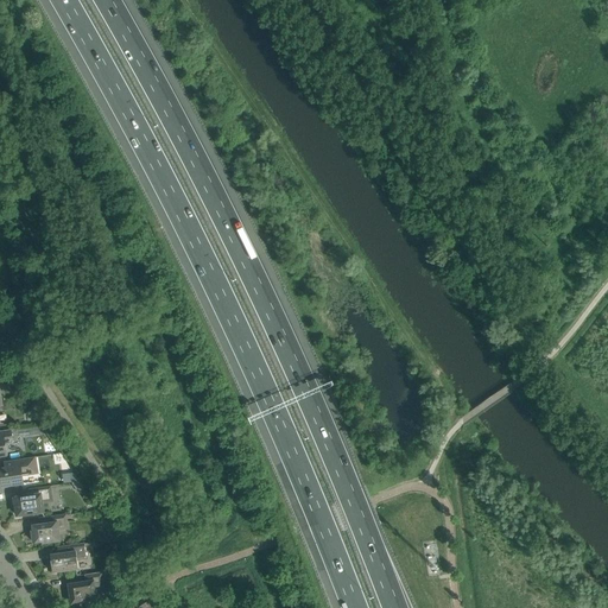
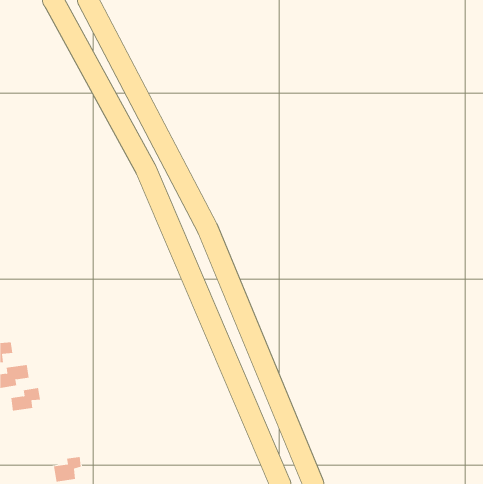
building: [30,515,66,543] -> none
building: [49,544,86,572] -> none

